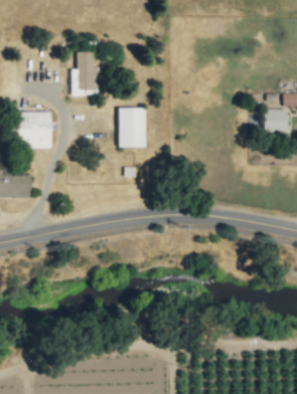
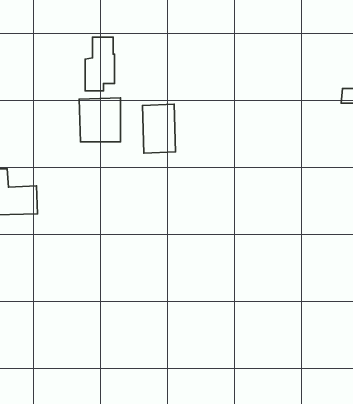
building: [264,109,288,132] -> none
building: [17,112,51,148] -> [79,98,121,142]

